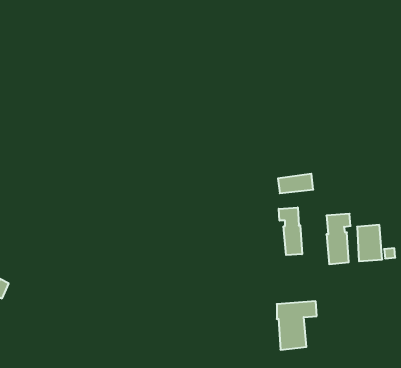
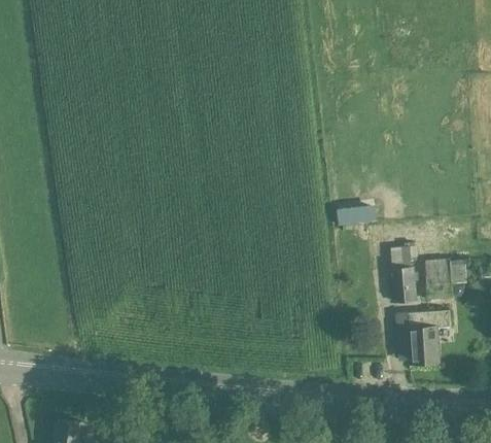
building: [279,207,302,255] -> none
building: [277,301,317,350] -> [407,310,451,364]

